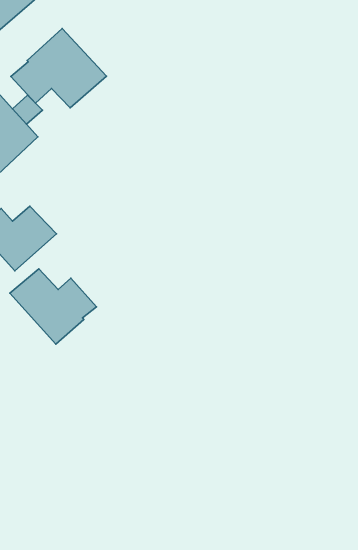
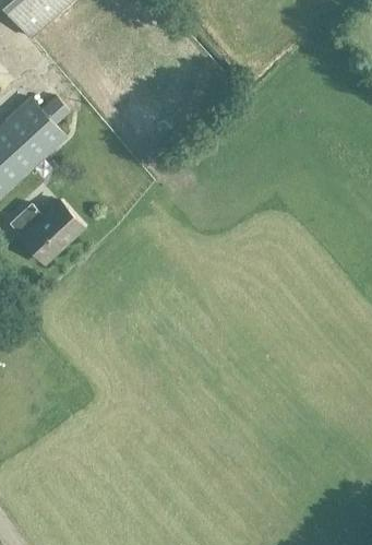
building: [11,29,107,108] -> none
building: [10,269,97,344] -> none

